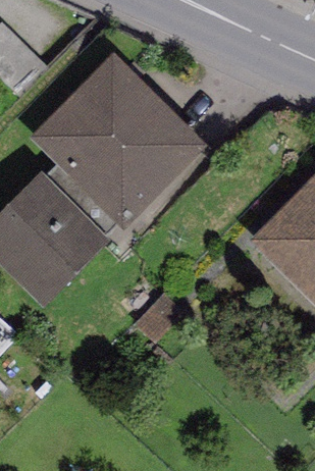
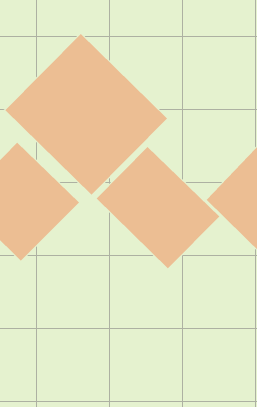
building: none -> [96,146,220,269]

